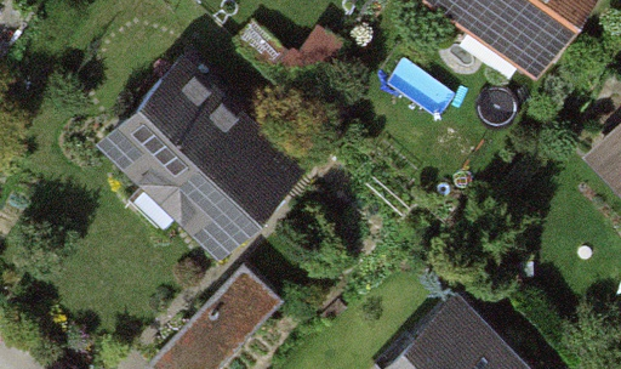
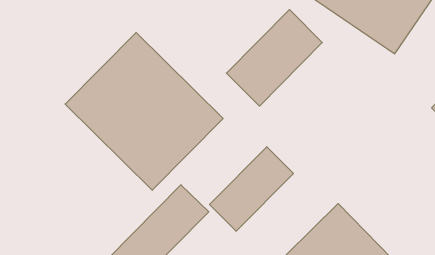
building: none -> [226,10,322,106]
building: none -> [210,147,293,231]

